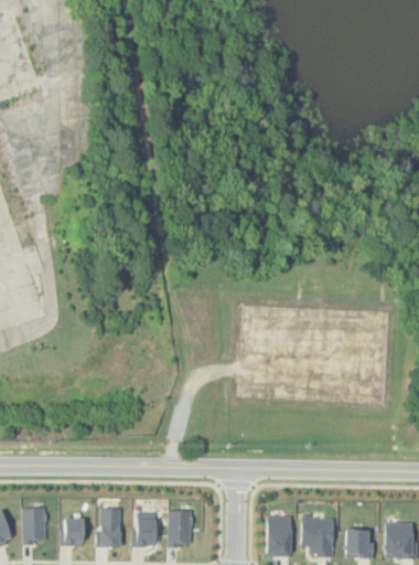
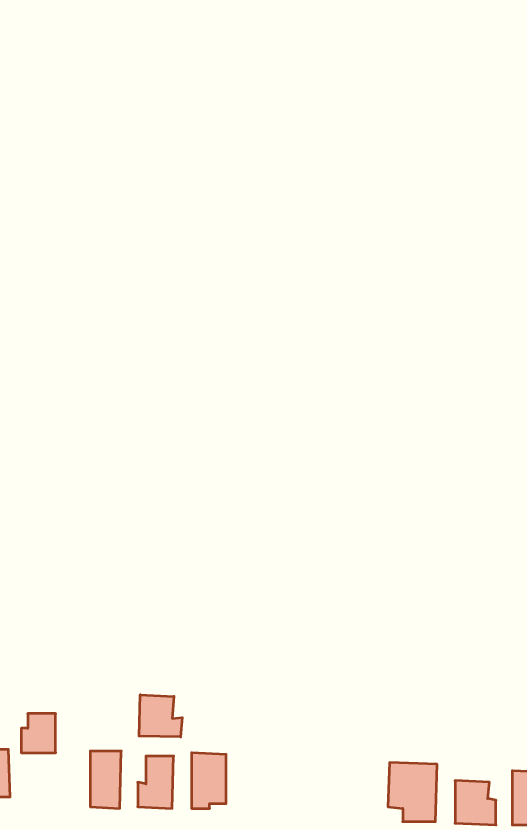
building: none -> [139,695,182,737]
building: [267,515,291,556] -> none
building: [61,518,84,544] -> [21,714,56,753]

